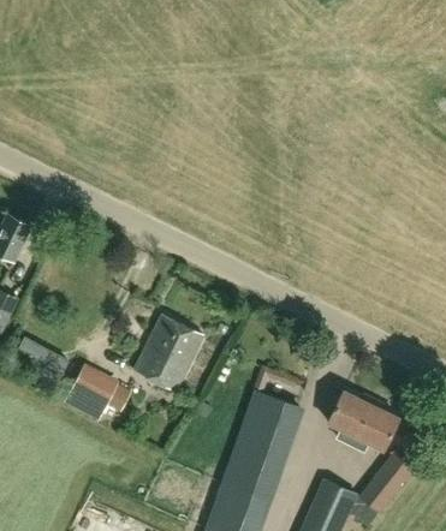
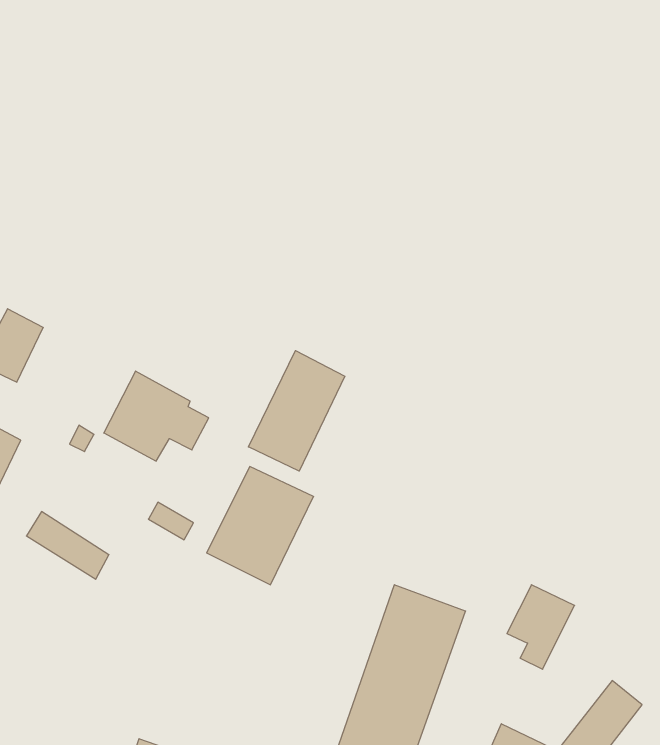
building: none -> [248,351,345,471]
building: [64,362,131,419] -> [104,371,209,461]
building: [350,404,398,451] -> none

